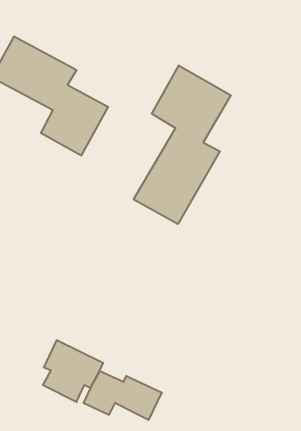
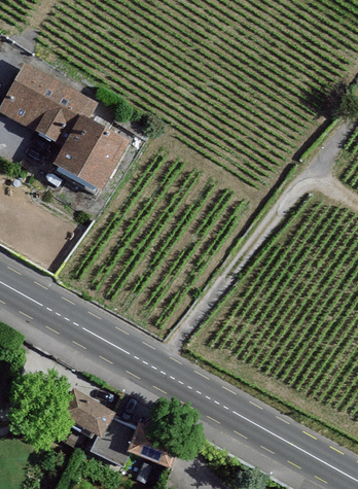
building: [134,65,231,224] -> none

